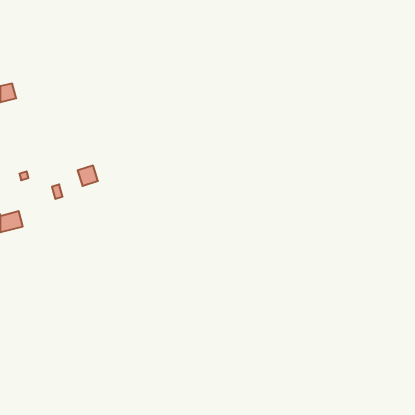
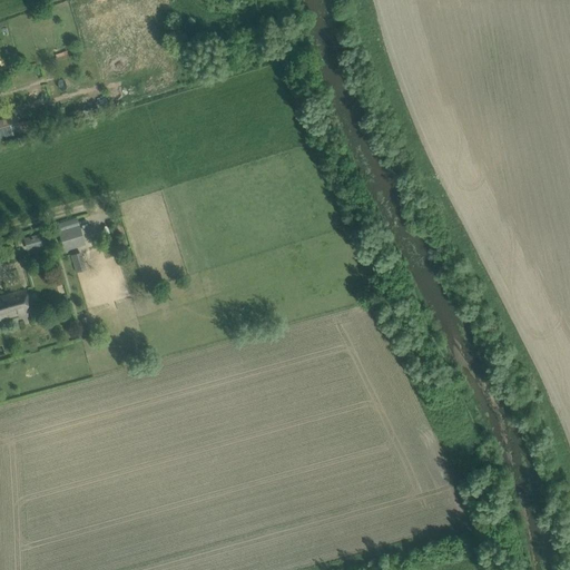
building: [78,166,98,186] -> [58,224,86,252]

